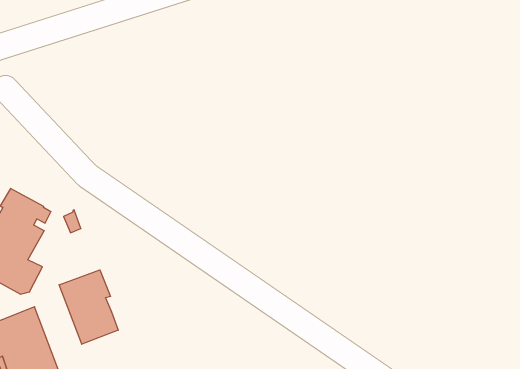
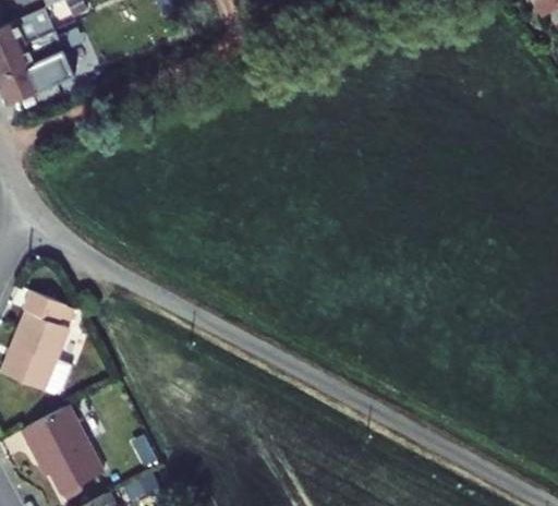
building: [59,270,118,344] -> none

